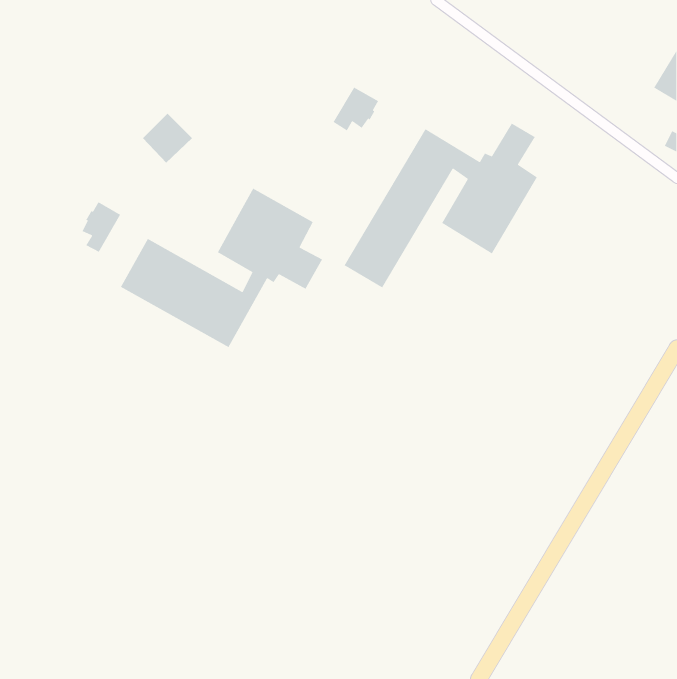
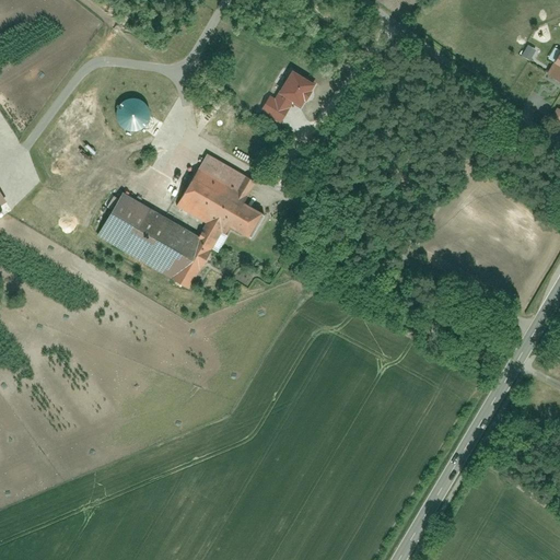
building: [343,122,538,289] -> none
building: [82,201,121,253] -> none

